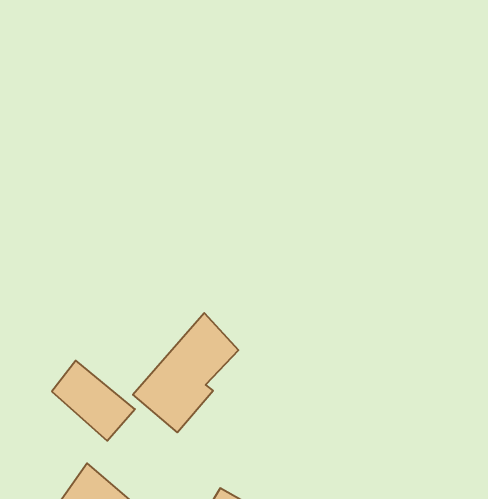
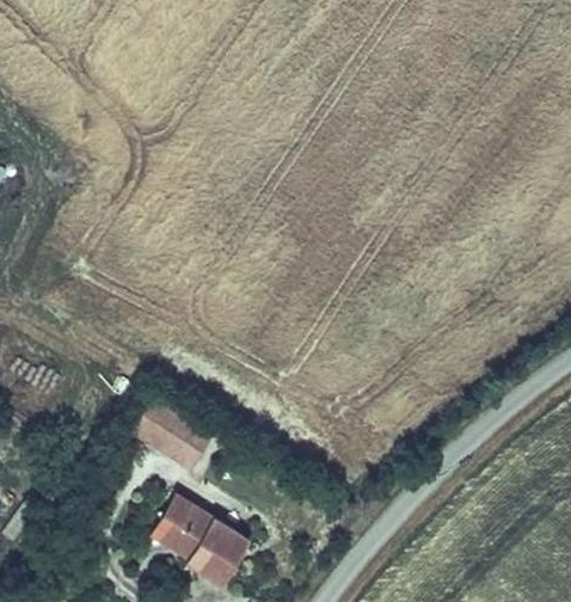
building: [133,313,238,432] -> none

